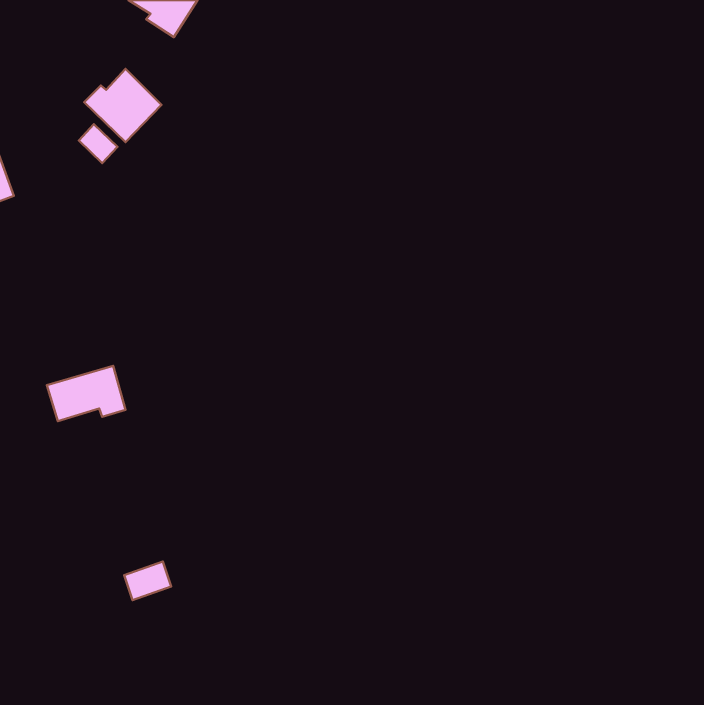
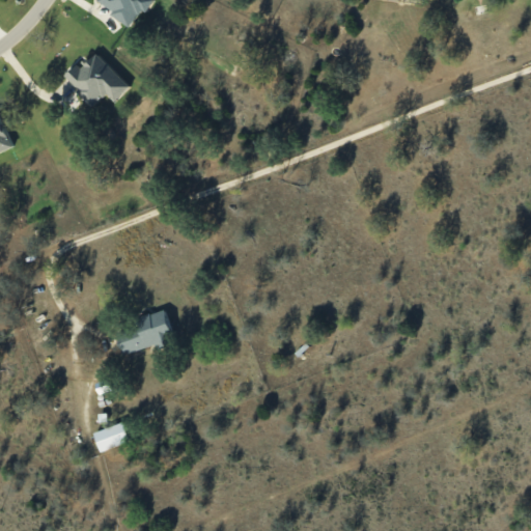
building: [79,124,118,163] -> none
building: [47,366,126,421] -> [115,312,174,354]

